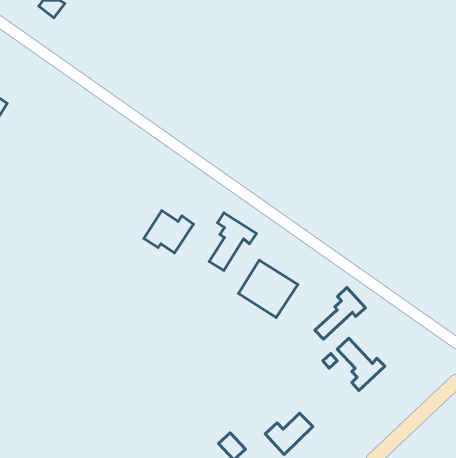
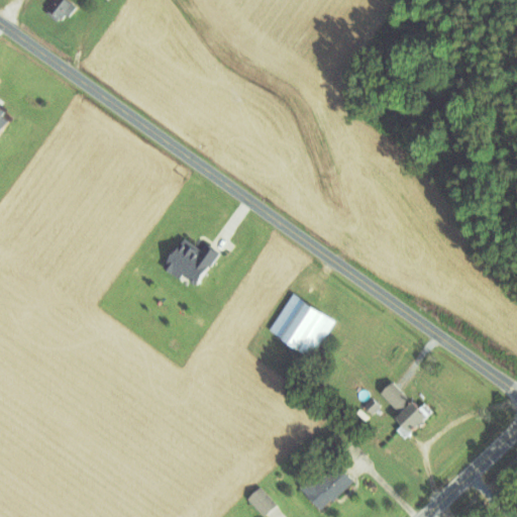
building: [209,213,256,271] -> none
building: [315,288,366,339] -> none

